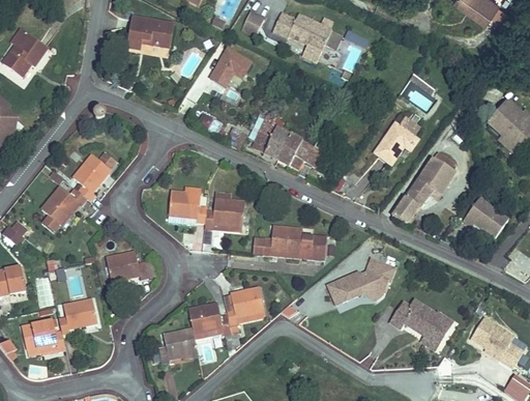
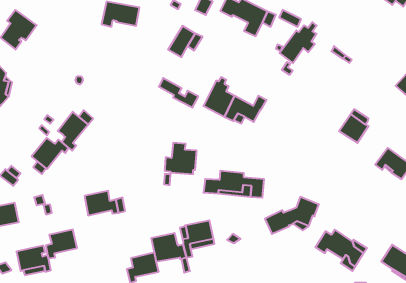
building: [374,113,419,164] -> [279,22,317,63]
building: [391,177,441,222] -> none
building: [167,191,206,224] -> none

